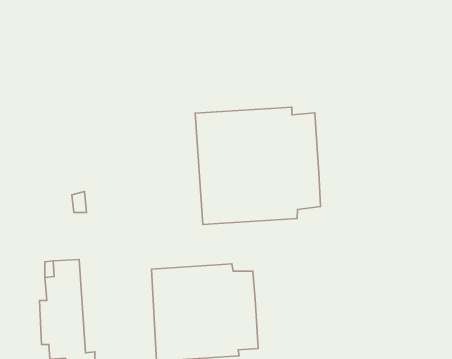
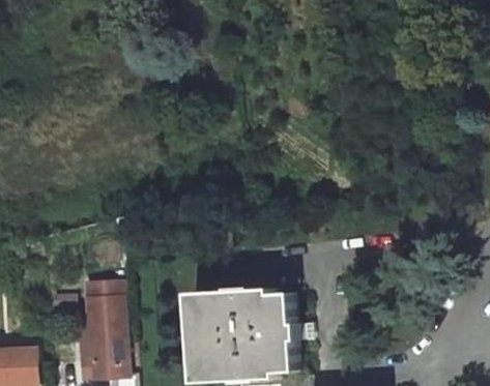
building: [195,107,320,224] -> none

